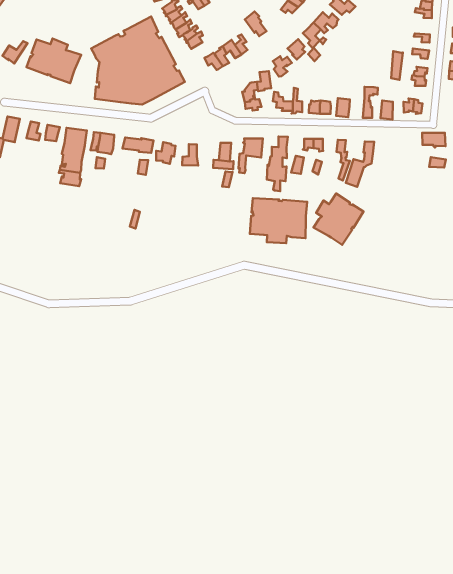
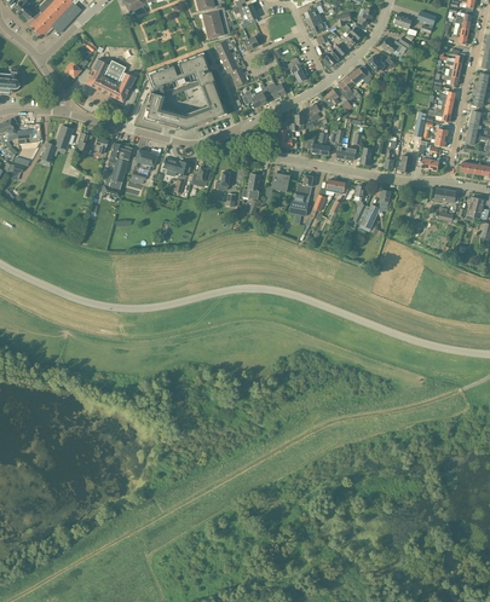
building: [314,194,364,245] -> none
building: [250,198,307,243] -> none

